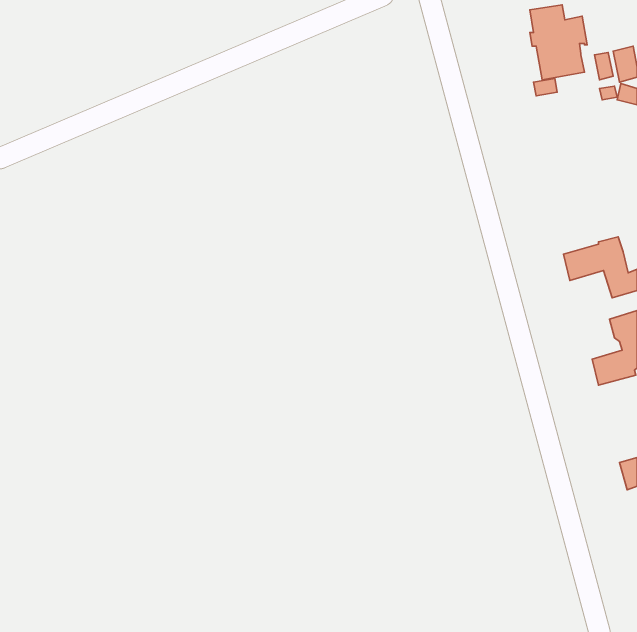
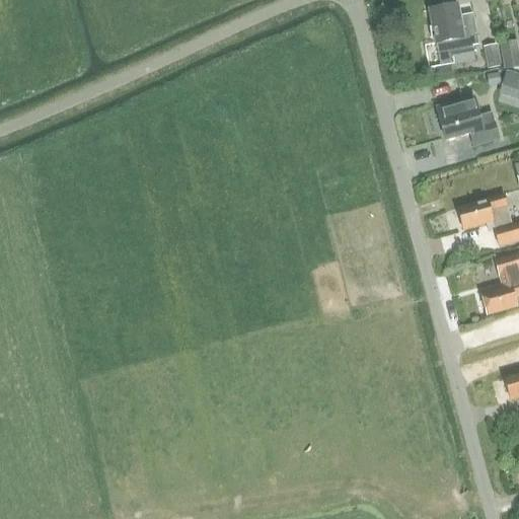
building: none -> [437,97,499,144]

